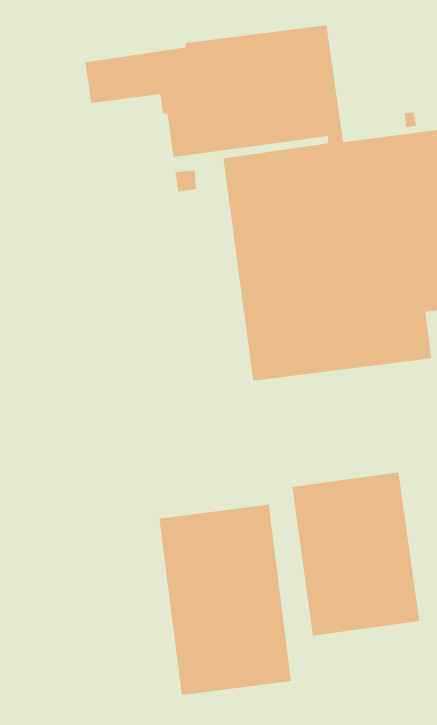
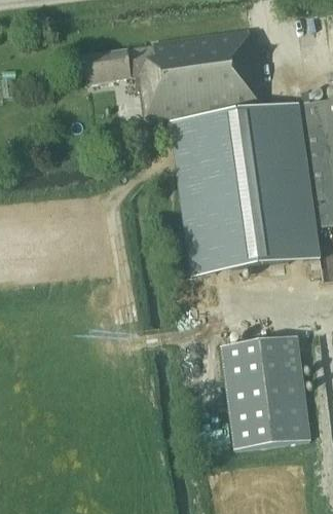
building: [158,504,292,696] -> none

